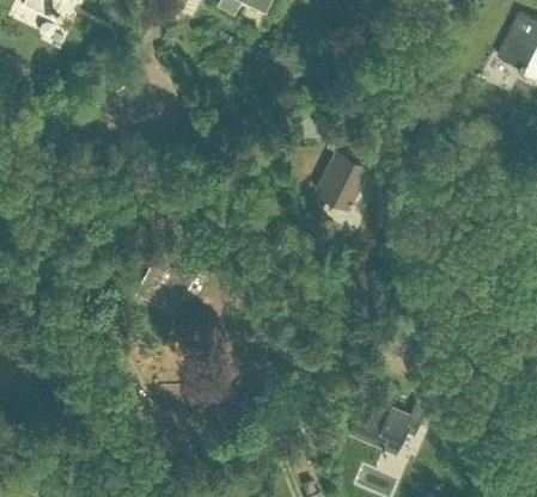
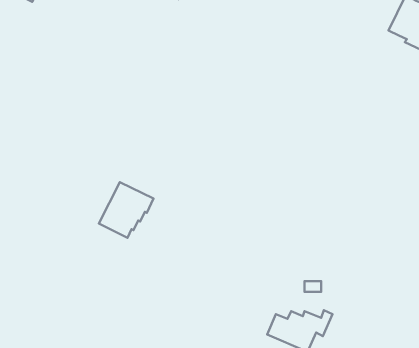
building: [315,133,372,210] -> none

